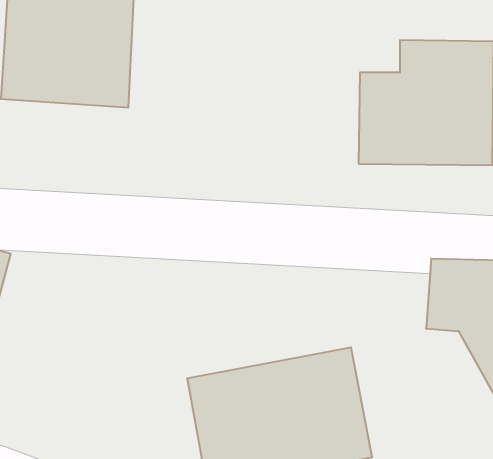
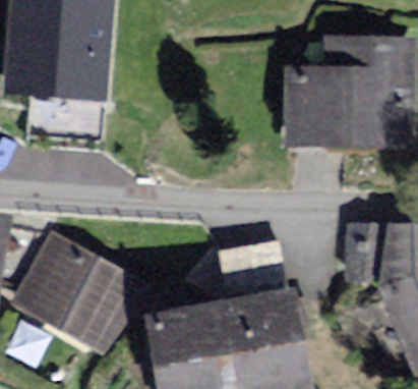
building: none -> [12,224,151,358]

